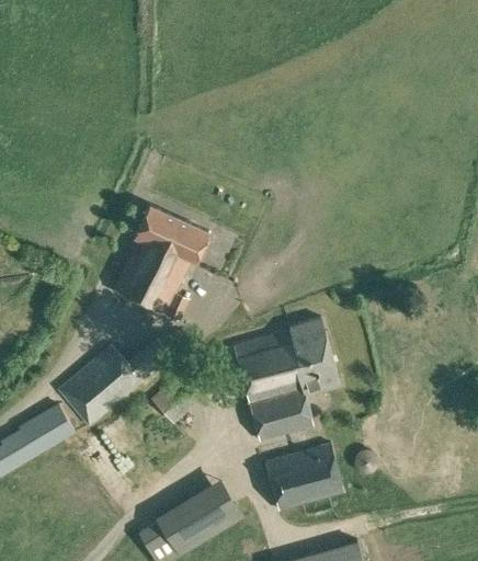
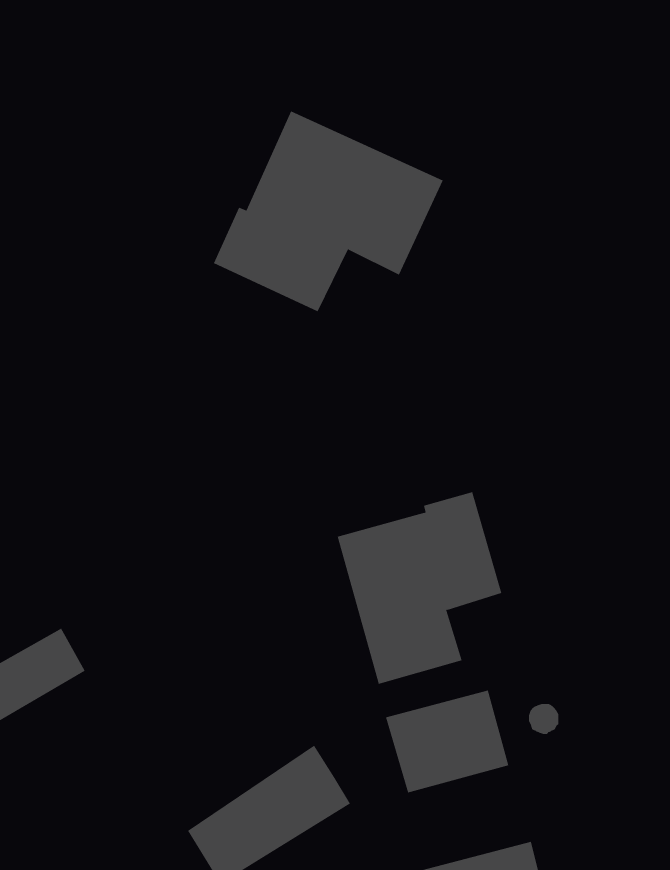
building: none -> [213,111,443,312]
building: [113,205,208,320] -> none
building: [58,340,172,425] -> none

